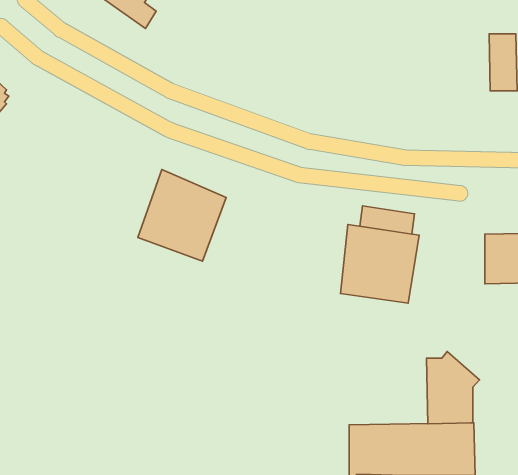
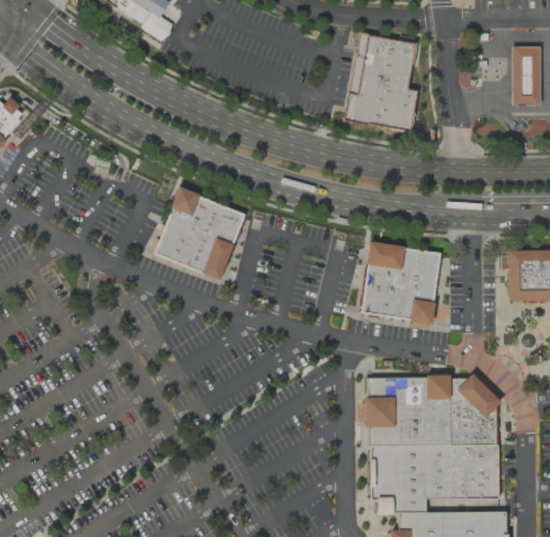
building: none -> [347,34,418,132]
building: [360,206,415,234] -> none
building: none -> [368,376,451,446]

